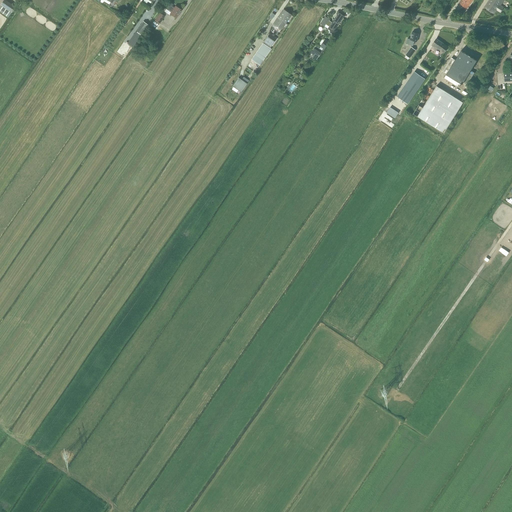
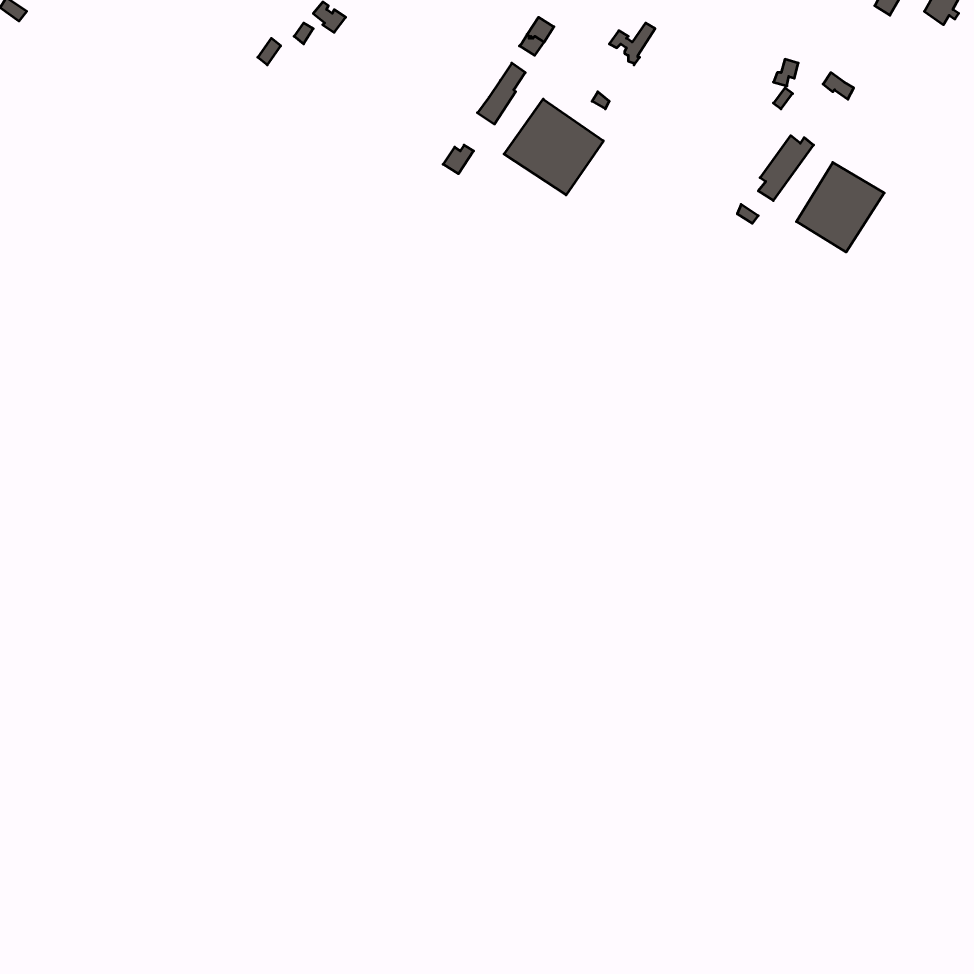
building: [442,50,476,88] -> none
building: none -> [504,99,603,195]

